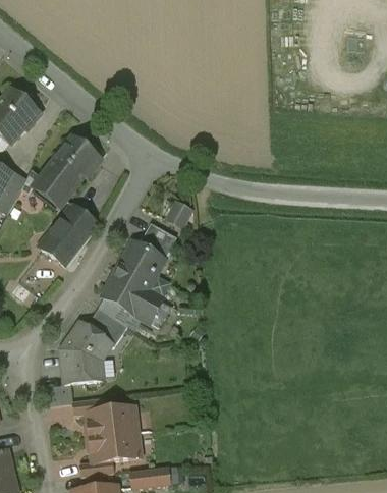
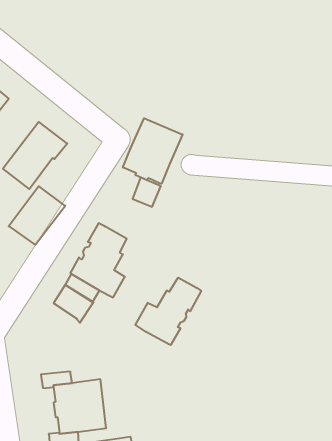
building: none -> [123,118,183,184]
building: [140,224,175,259] -> none
building: none -> [135,278,201,345]
building: [62,322,111,382] -> none

